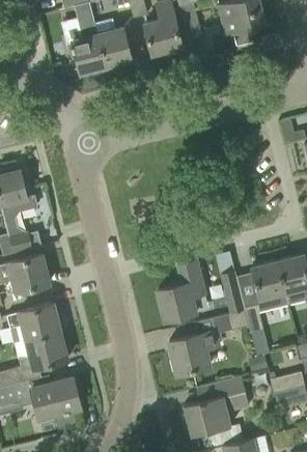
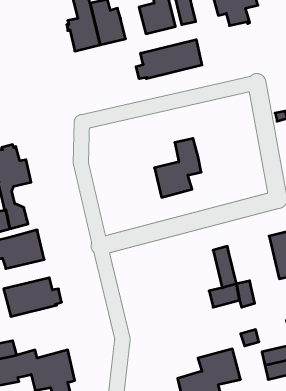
building: none -> [136,40,202,79]
building: [158,261,205,321] -> [154,138,201,197]
building: [252,261,288,311] -> none
building: [169,331,219,374] -> none
building: [15,332,67,371] -> none

